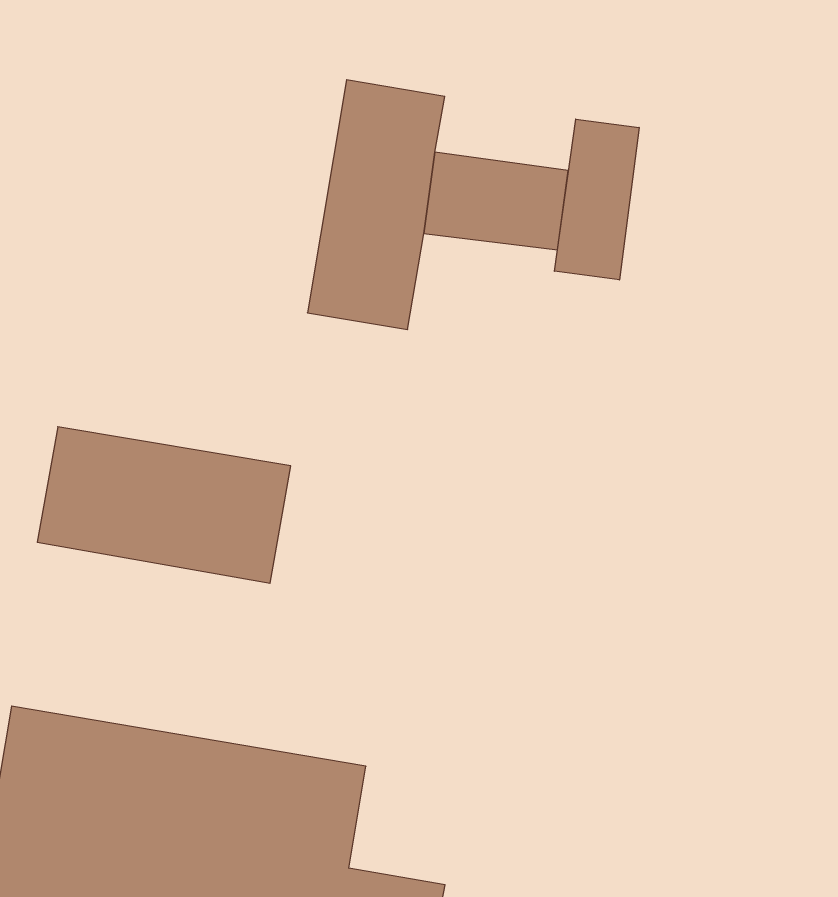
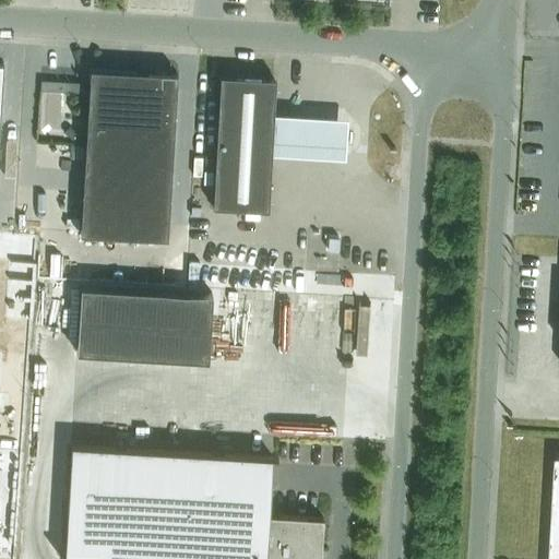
building: none -> [81,74,178,243]
building: [554,119,639,280] -> none

